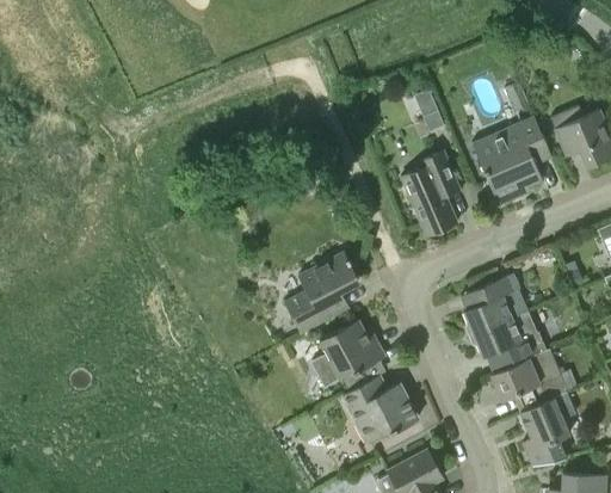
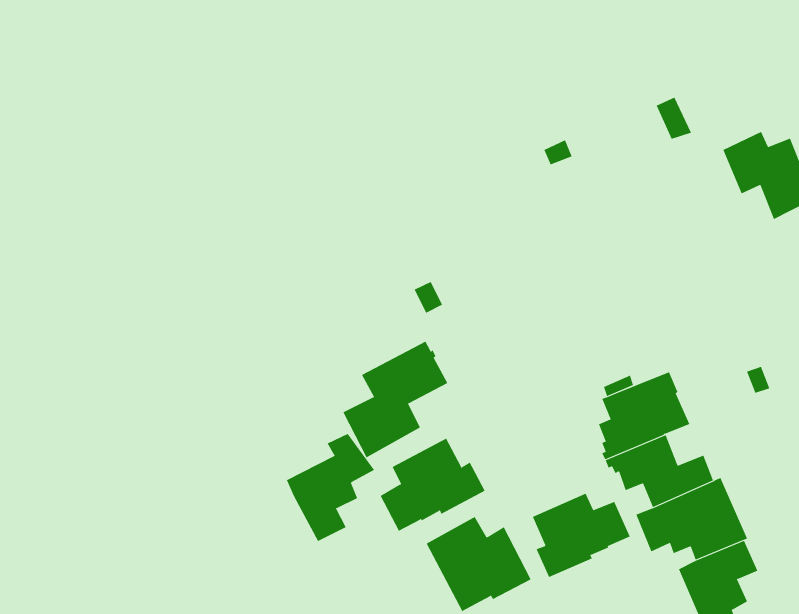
building: [473,116,553,205] -> none
building: [401,150,461,236] -> none
building: none -> [286,433,375,542]
building: none -> [532,493,630,578]

